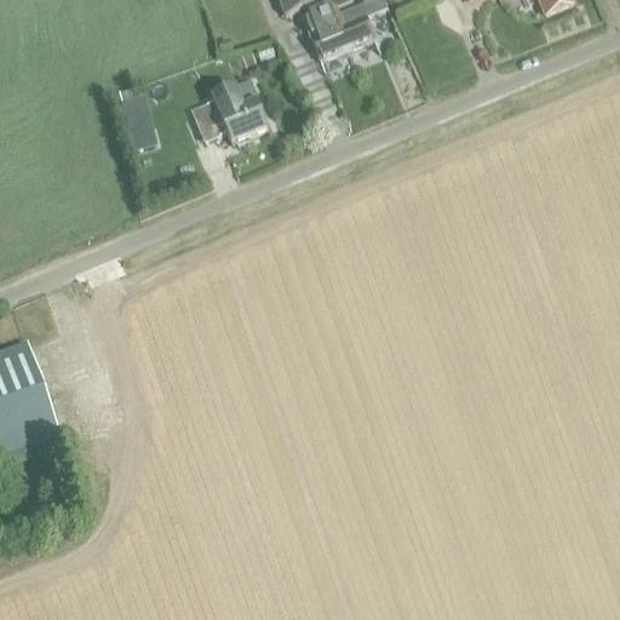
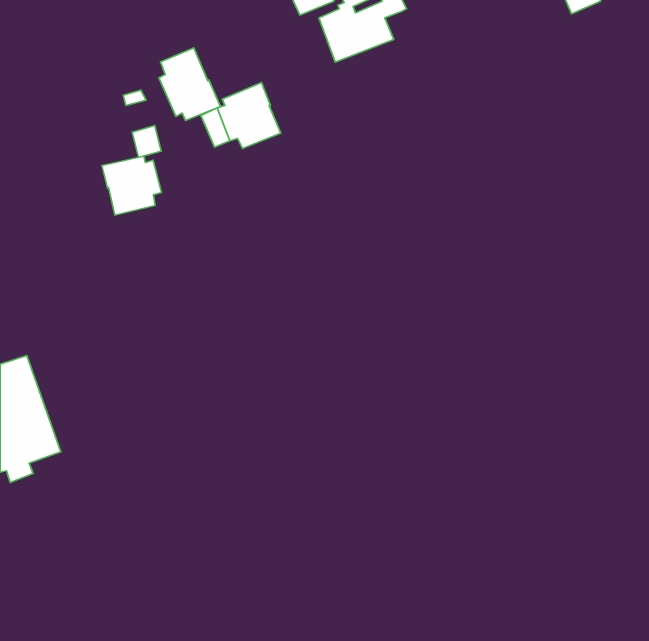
building: none -> [159,48,220,121]
building: none -> [102,156,161,215]

